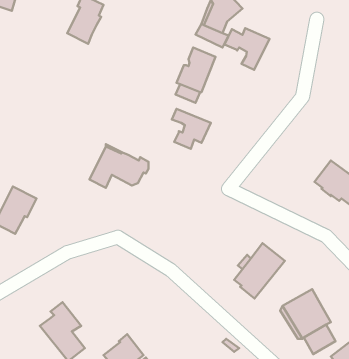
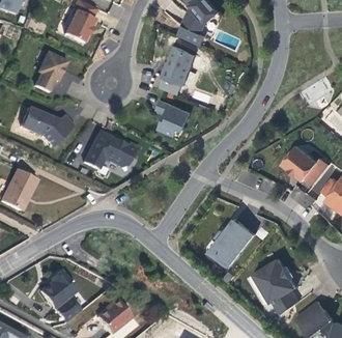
building: [225,28,270,70] -> none
building: none -> [35,52,66,91]
building: none -> [20,107,74,146]

